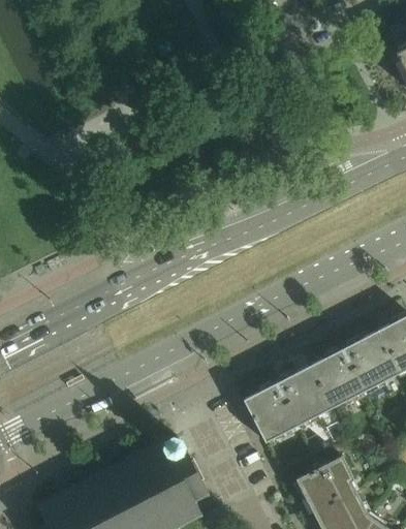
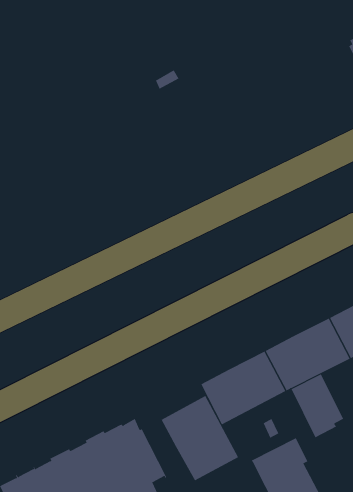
building: none -> [291,374,344,438]
building: none -> [161,395,239,481]

